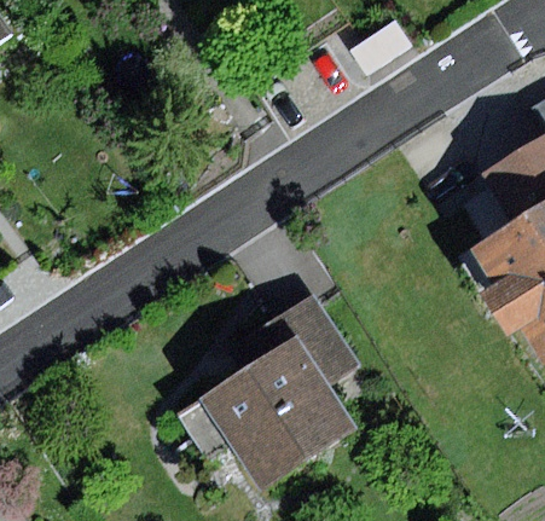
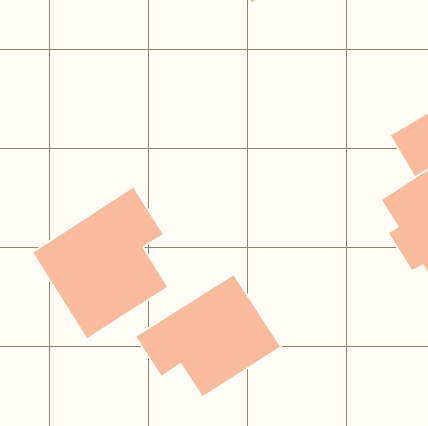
building: none -> [32,186,168,339]

